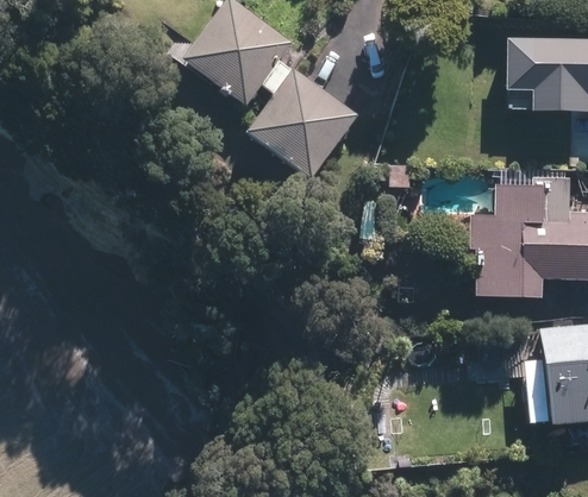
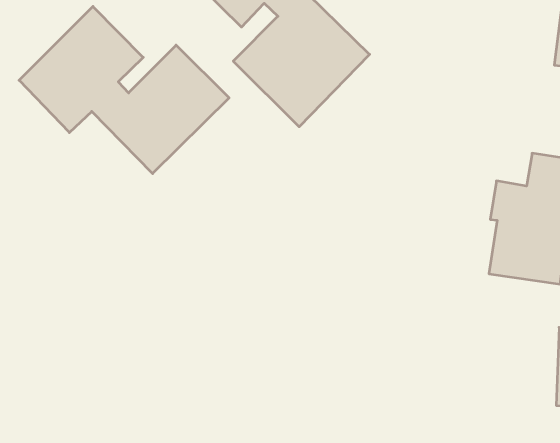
building: none -> [19,6,229,174]

